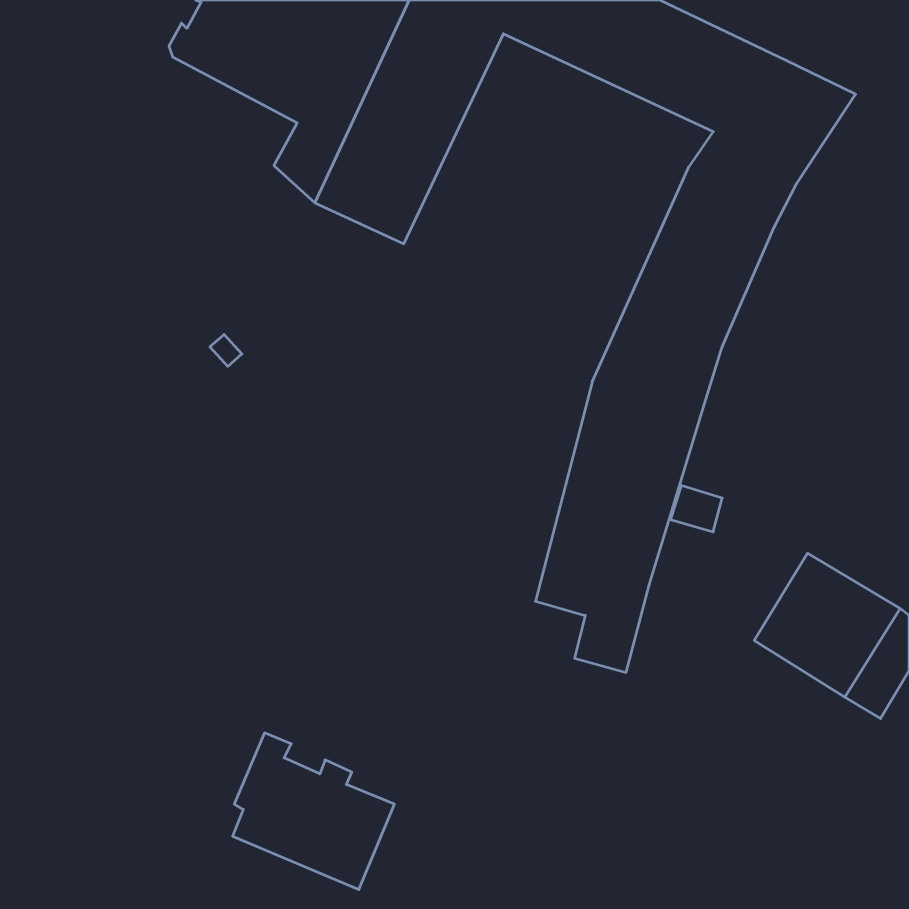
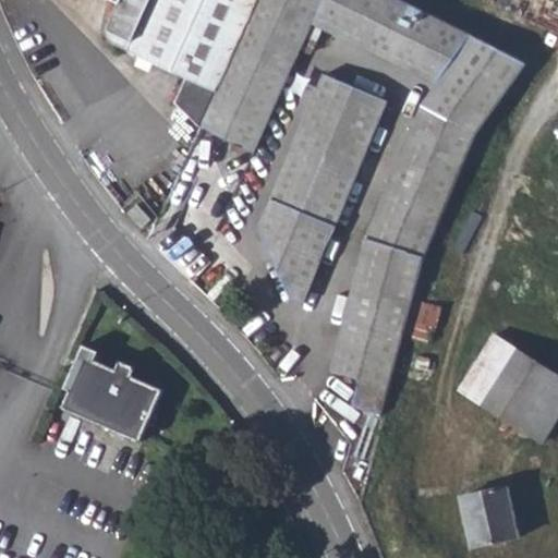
building: none -> [255,70,387,300]
building: [233,733,394,890] -> [64,345,163,441]
building: none -> [465,488,520,549]

